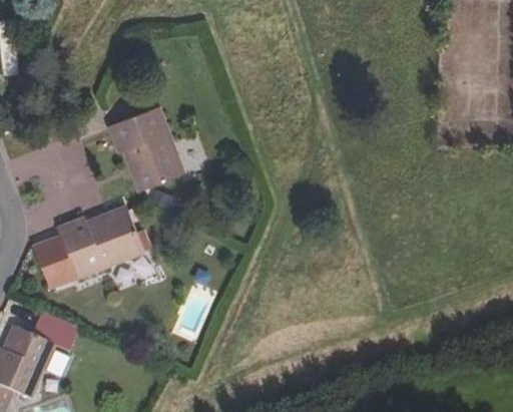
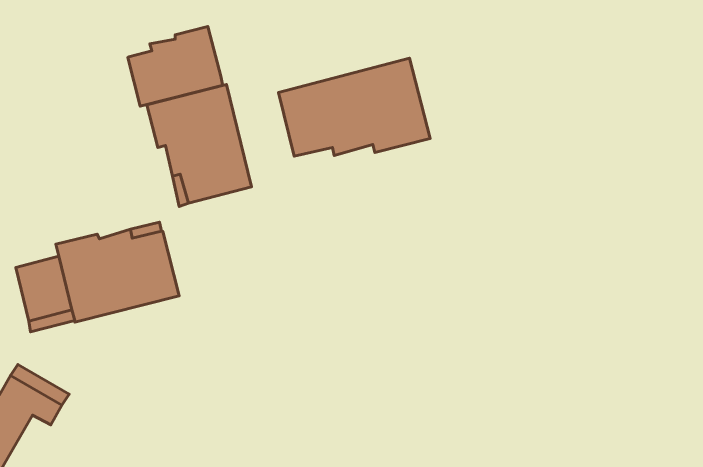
building: none -> [128,26,223,106]
building: none -> [278,58,430,156]

